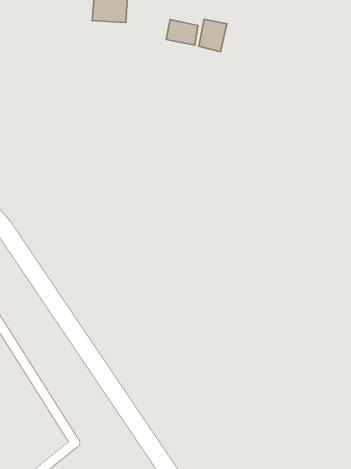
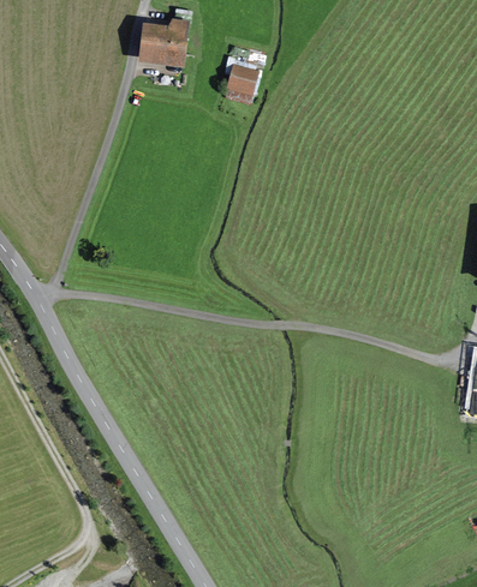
building: [199,19,227,52] -> none

